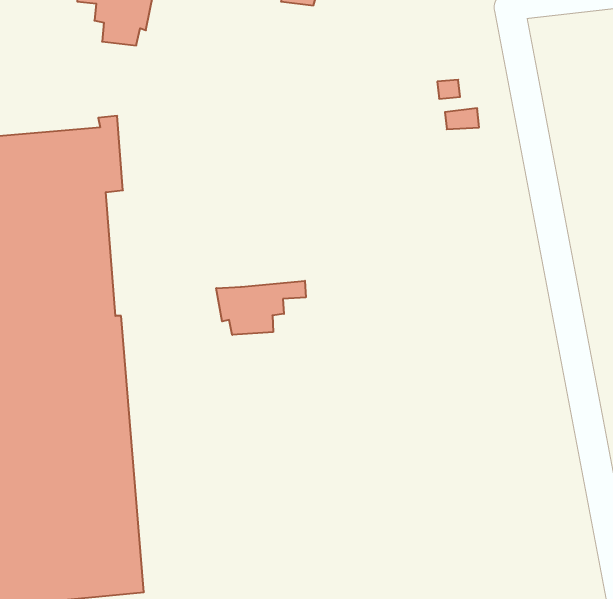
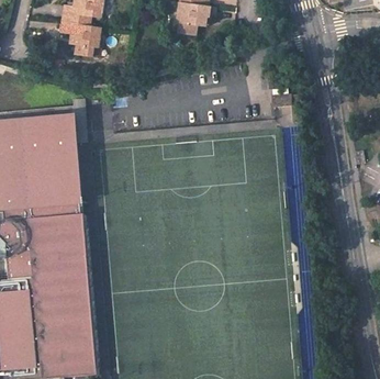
building: [216,281,306,335] -> none

